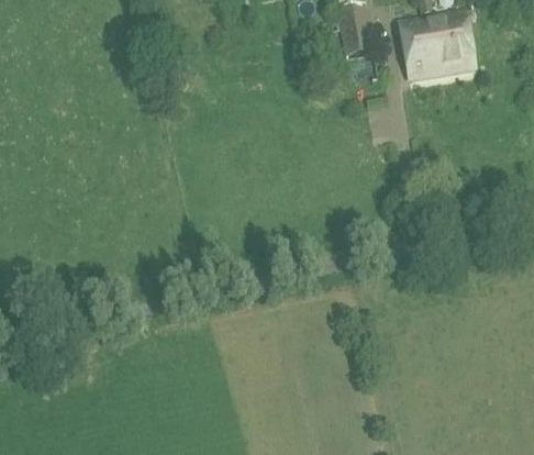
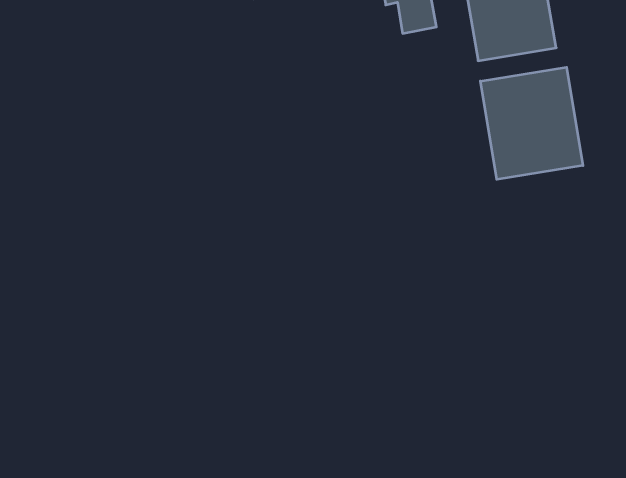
building: none -> [480,67,583,179]

